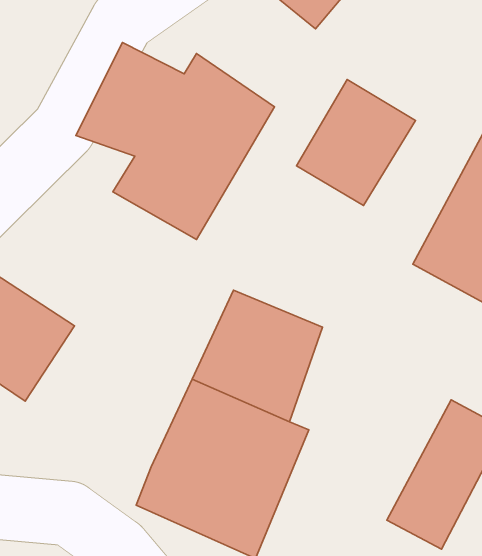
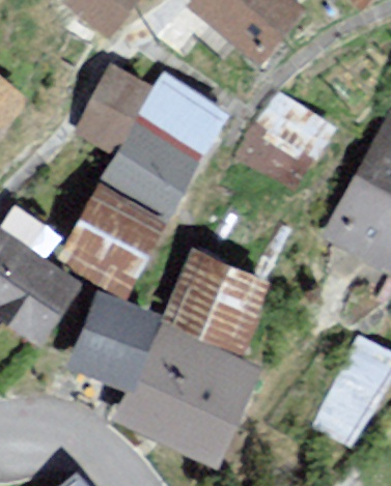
building: none -> [59,179,167,293]
building: none -> [73,293,164,388]

